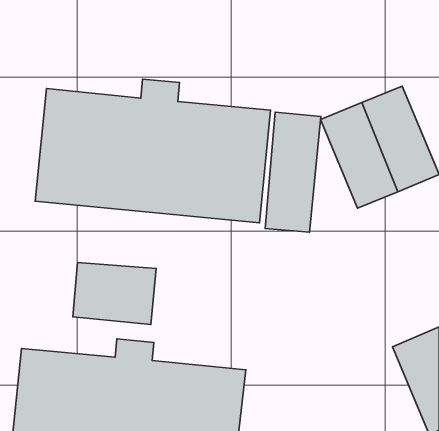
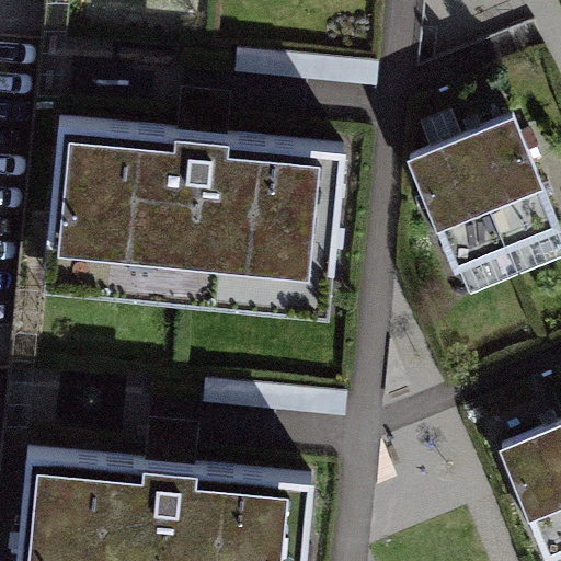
building: [265,112,321,232] -> none
building: [73,262,156,324] -> none

